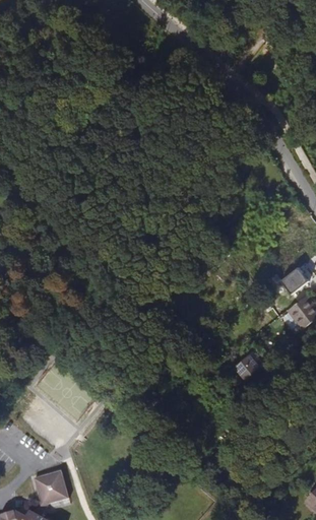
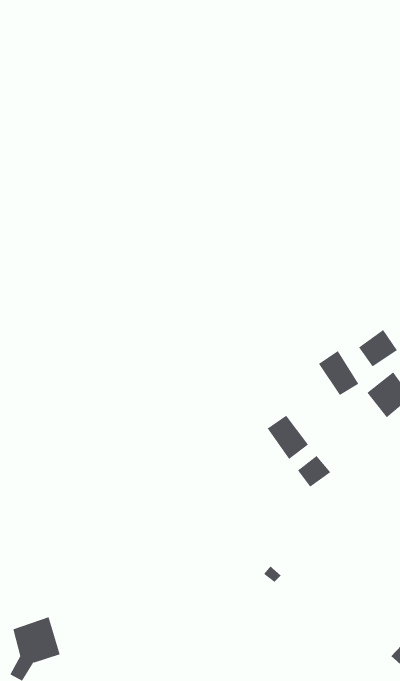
building: none -> [318,350,359,396]
building: none -> [267,415,309,460]

